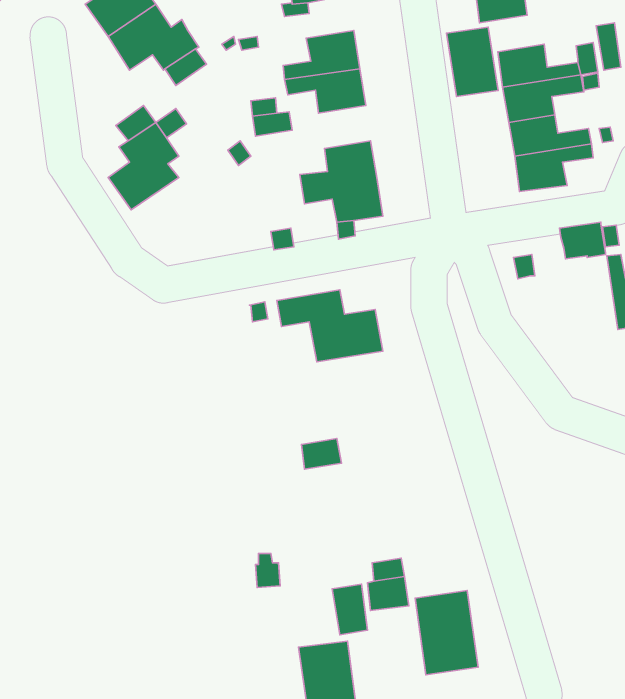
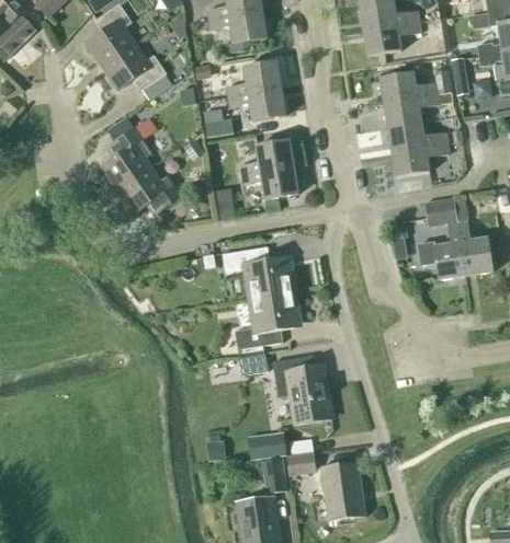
building: [447,27,498,97] -> none
building: none -> [117,166,182,213]
building: none -> [418,222,465,279]
building: none -> [235,290,302,349]
building: none -> [272,355,333,419]
building: none -> [247,434,284,460]

